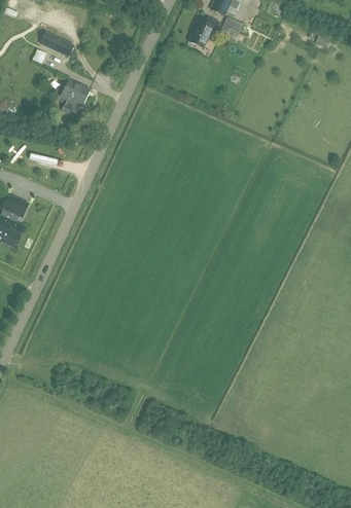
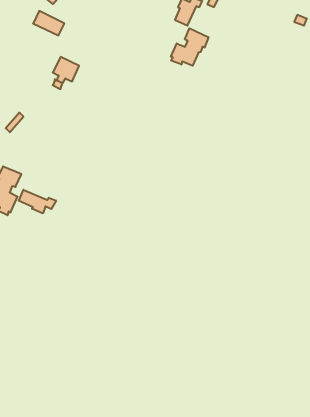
building: none -> [171,28,208,66]
building: none -> [19,190,56,213]

